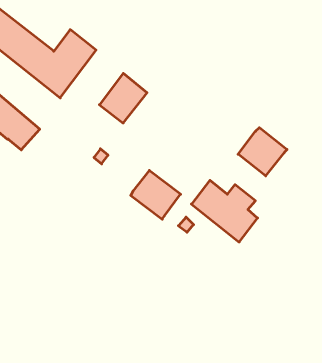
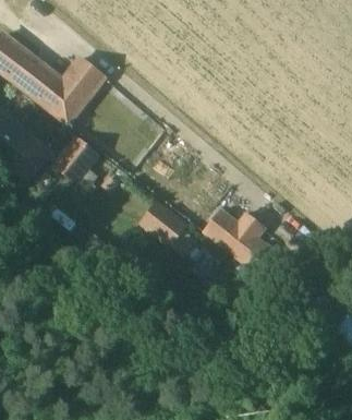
building: [99,73,147,123] -> [52,133,100,183]
building: [238,128,287,176] -> none

